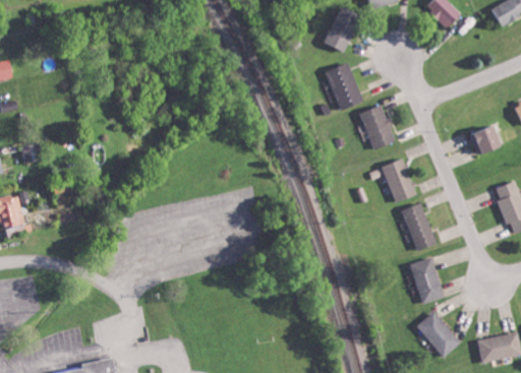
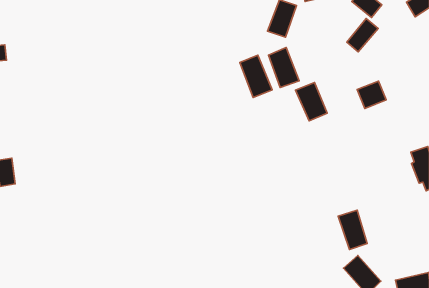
building: none -> [347,19,378,52]
building: none -> [240,55,272,97]
building: [469,124,504,157] -> [357,81,386,108]
building: [377,160,415,202] -> none
building: [403,203,436,251] -> none

